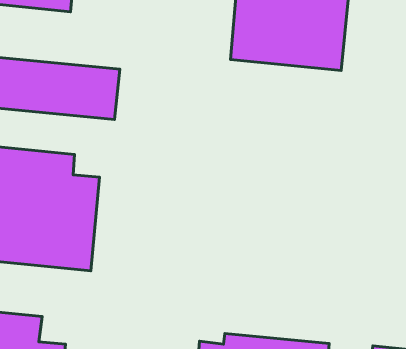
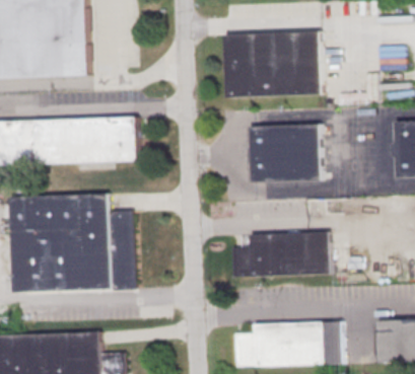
building: none -> [249,124,321,181]
building: none -> [230,231,330,276]

